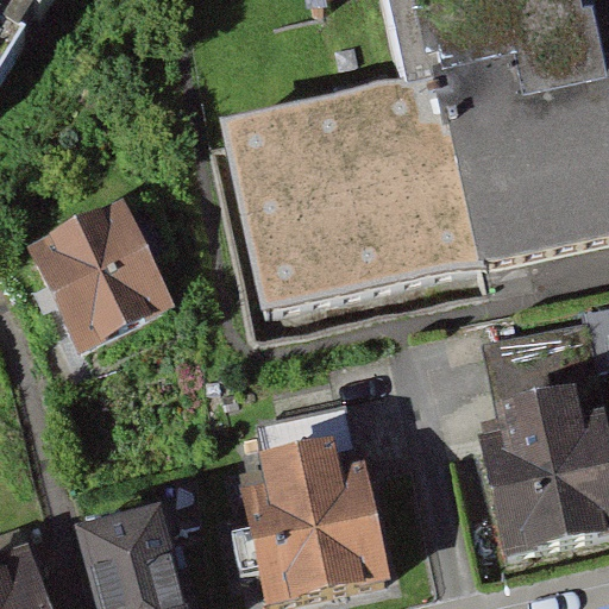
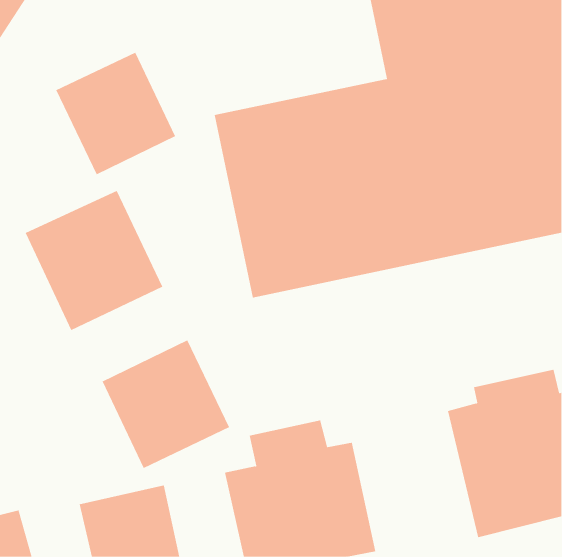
building: none -> [55,52,176,175]
building: none -> [102,339,230,469]

